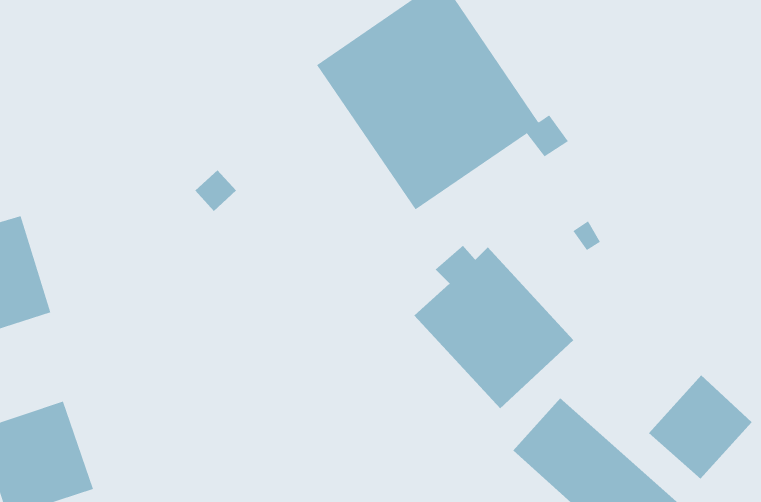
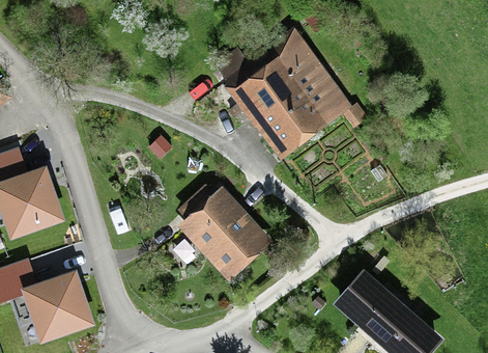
building: [414,245,574,409] -> [177,183,271,279]
building: [648,374,753,479] -> none

